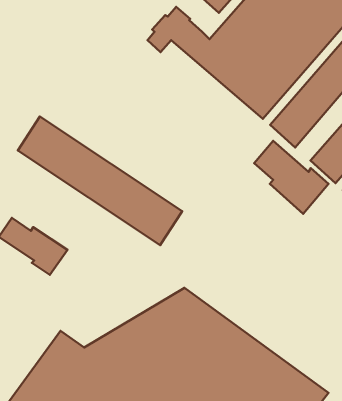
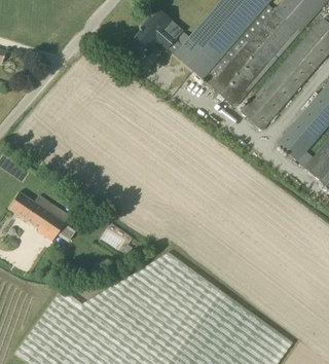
building: [18,116,182,245] -> none
building: [254,141,328,214] -> none

